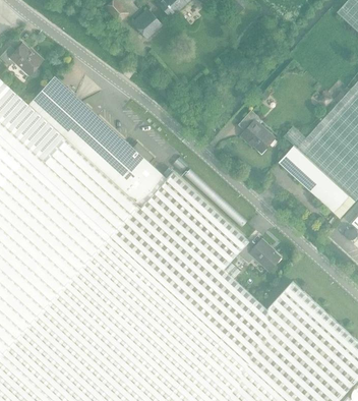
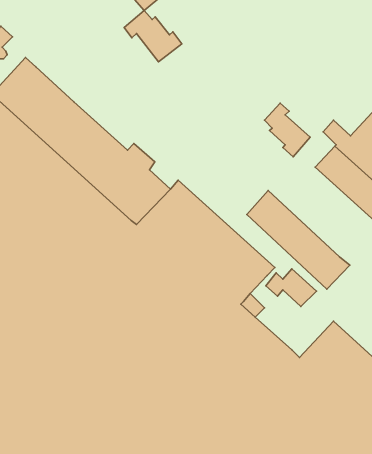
building: none -> [124,11,182,62]
building: none -> [247,190,350,289]

